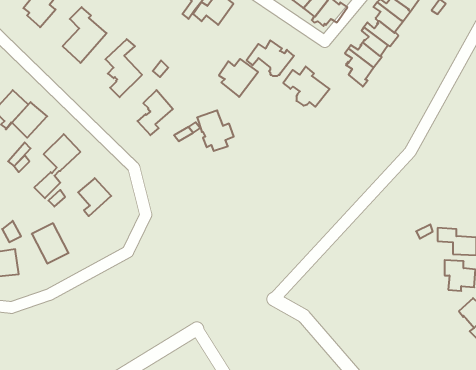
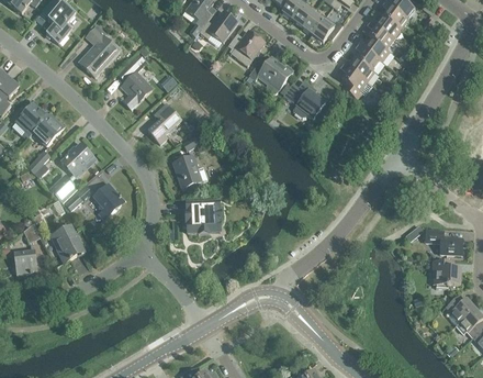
building: [219,59,258,97] -> [228,31,265,66]
building: [197,110,234,151] -> [173,155,207,192]
building: none -> [186,201,222,233]

